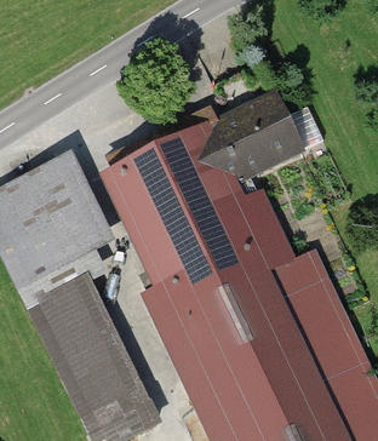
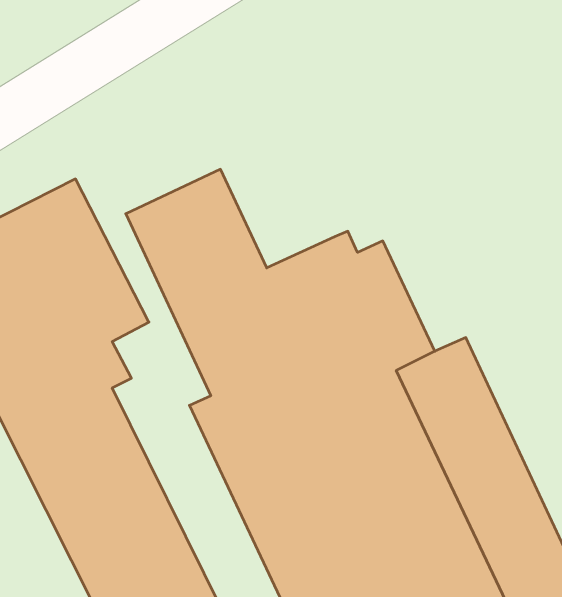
building: [154,91,305,207] -> none

